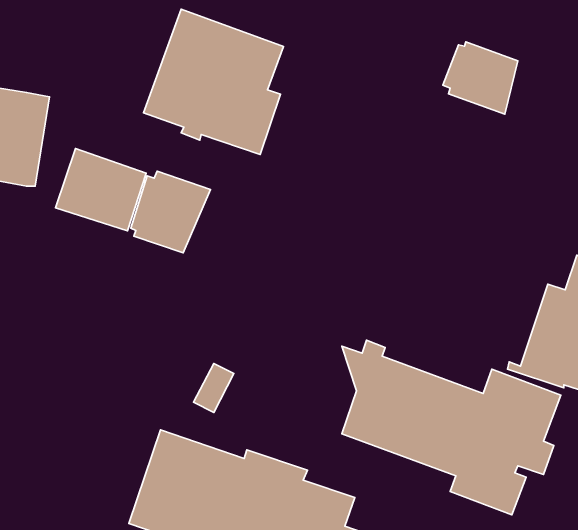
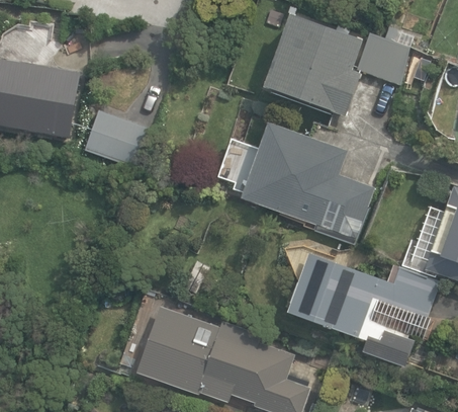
building: [144,9,283,155] -> [264,13,362,115]
building: none -> [241,121,374,238]
building: [131,171,211,253] -> none

